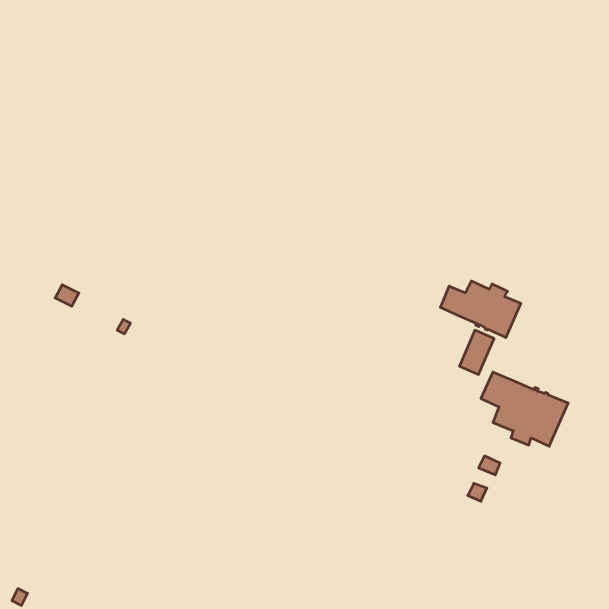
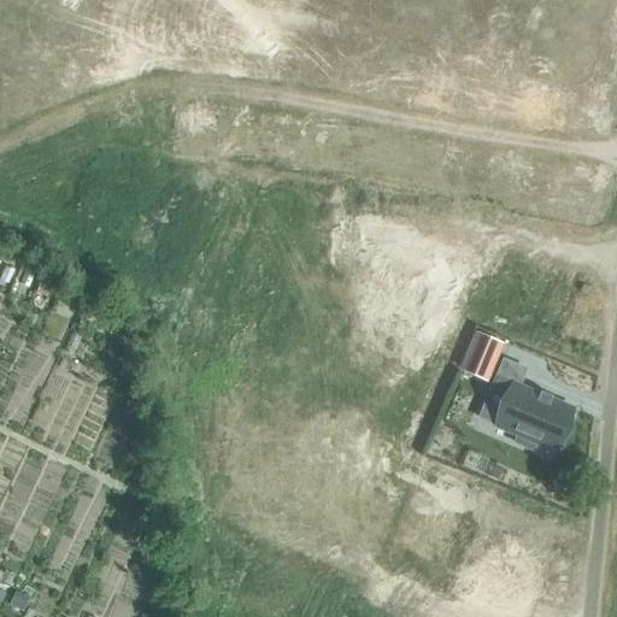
building: [440,281,521,338] -> none

